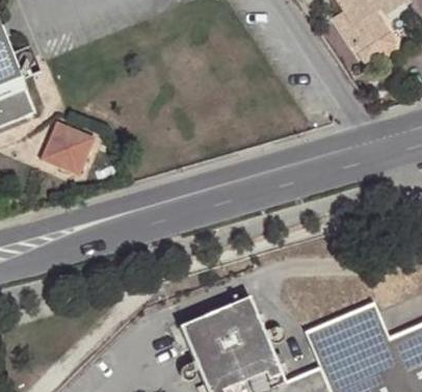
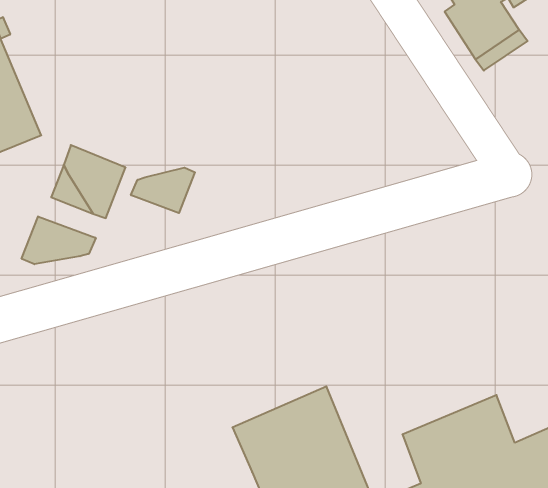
building: none -> [131,168,195,213]
building: none -> [22,216,96,264]

